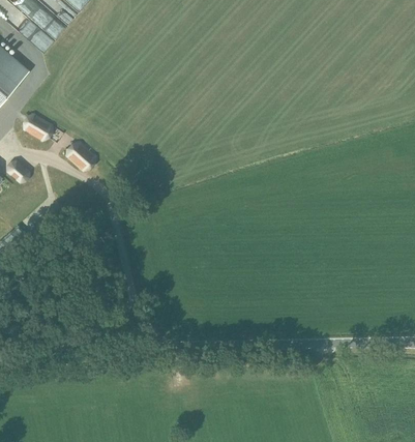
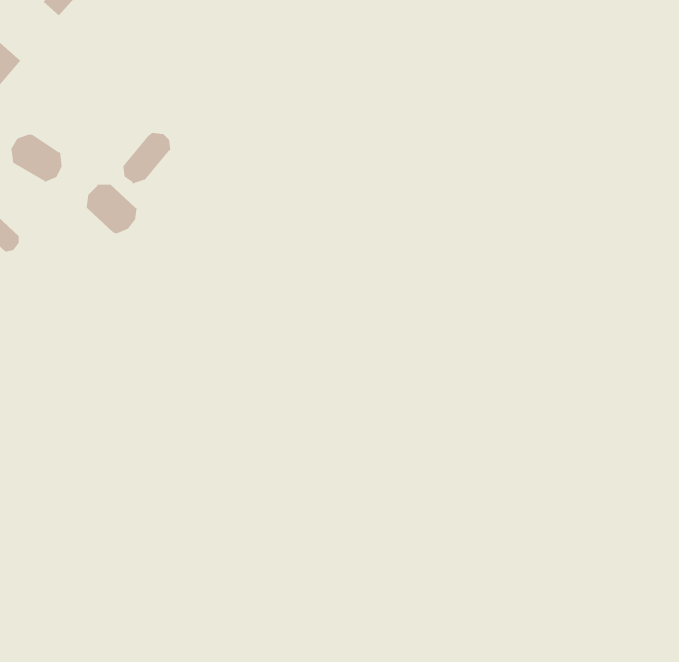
building: none -> [123,132,171,184]

